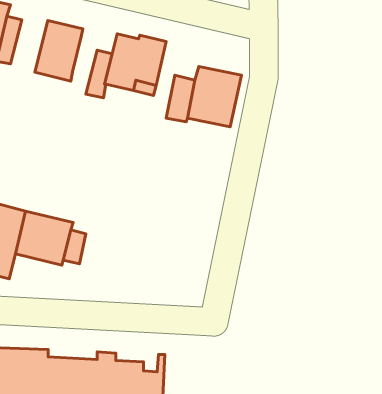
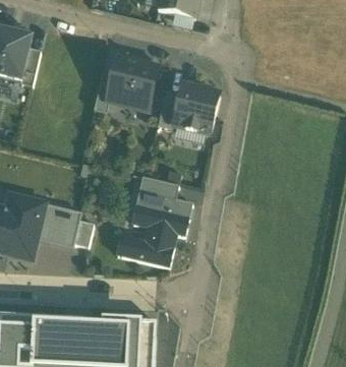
building: [35,21,83,81] -> none
building: none -> [116,176,193,266]

